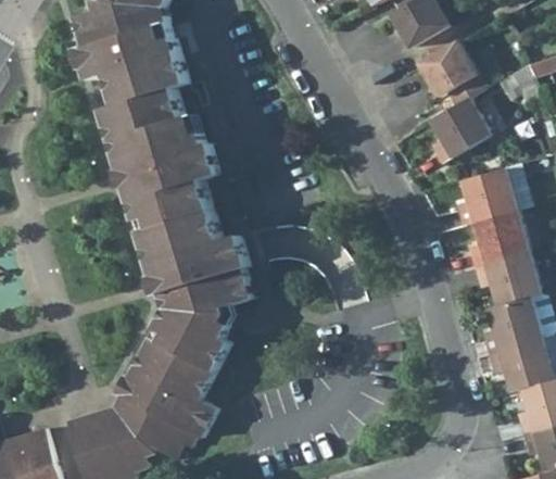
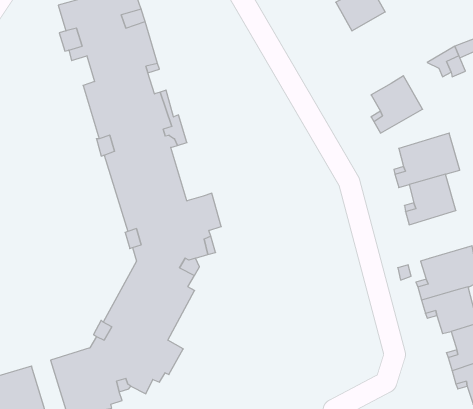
building: [418,41,483,106] -> none
building: [473,251,539,305] -> none

